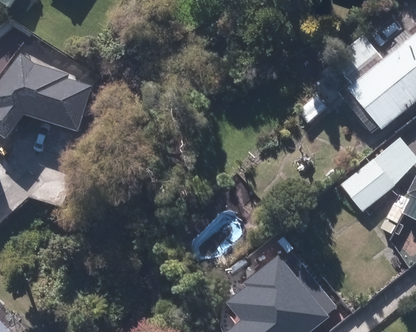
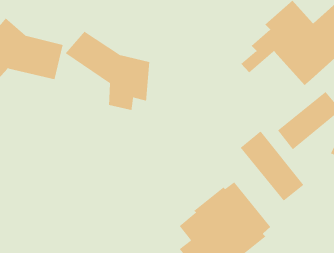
building: none -> [65,31,150,111]
building: none -> [240,130,304,202]

